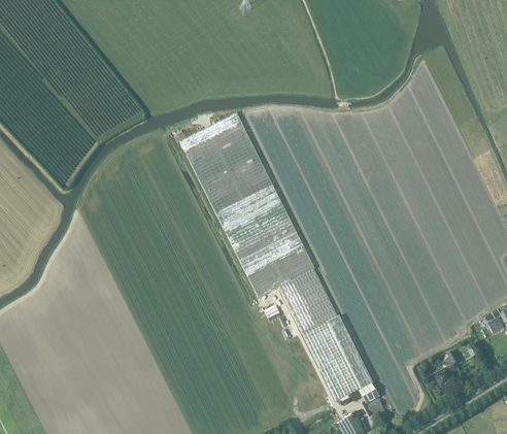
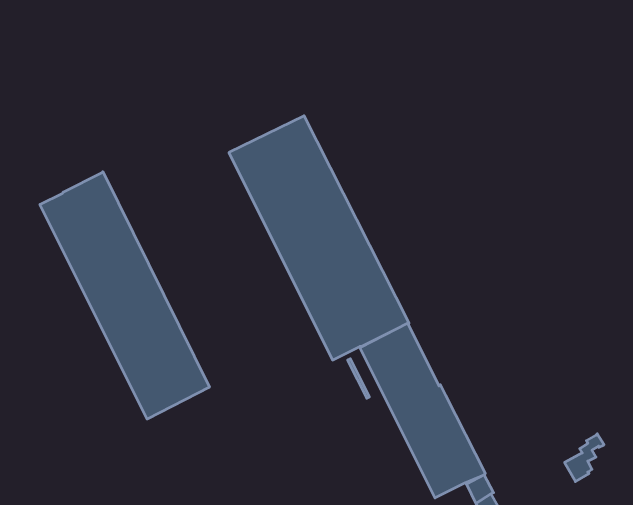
building: none -> [40,172,209,419]

